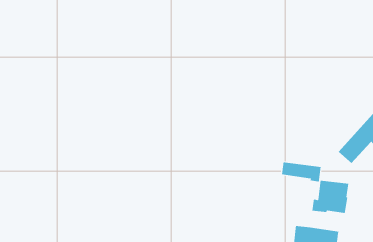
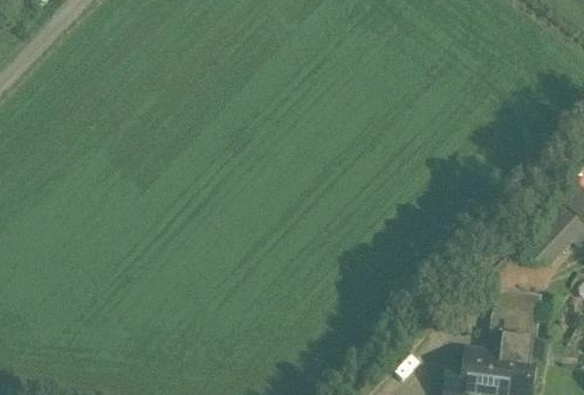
building: [281,162,321,182] -> [486,337,541,365]

